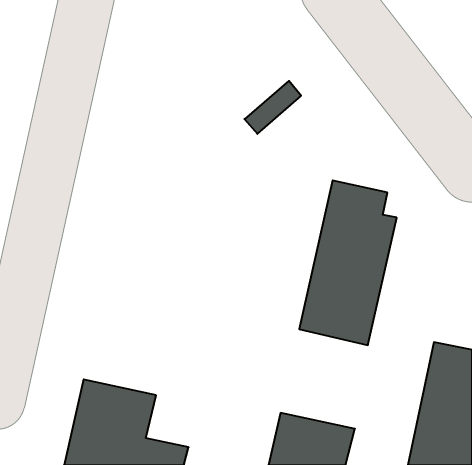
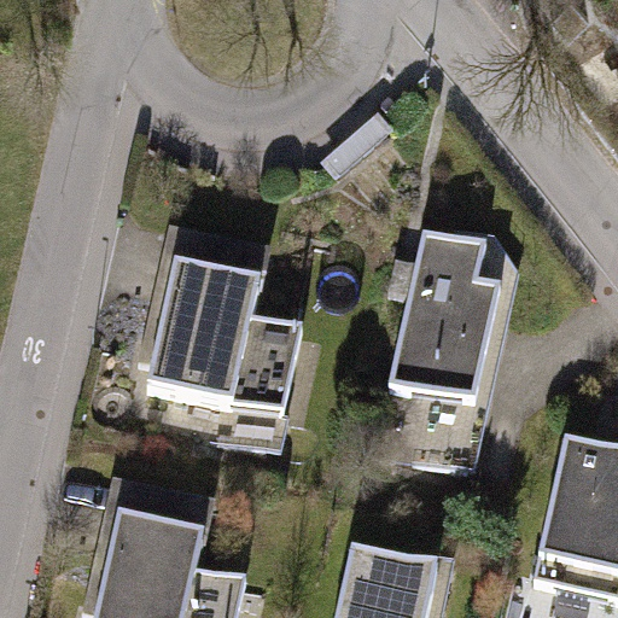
building: none -> [133,246,304,470]

